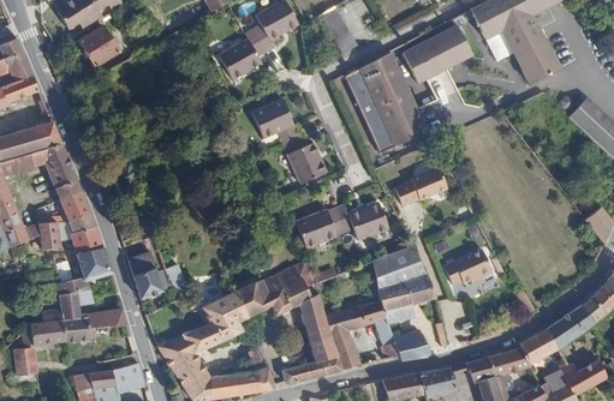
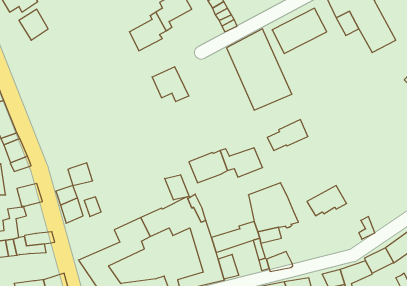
building: [279,136,326,184] -> none
building: [71,225,102,253] -> [68,163,93,186]
building: none -> [165,175,189,200]

